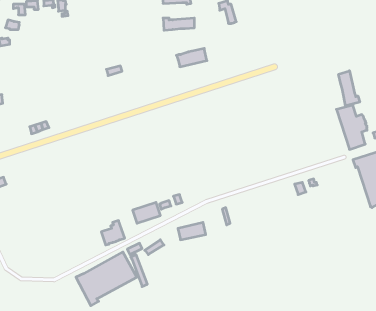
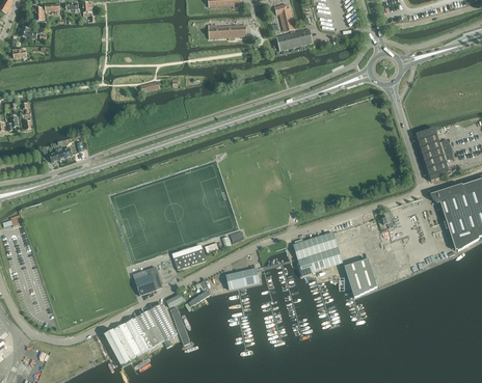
building: [176,48,207,67] -> [275,28,312,50]
building: [339,71,360,106] -> none
building: none -> [292,231,342,274]
building: none -> [344,258,376,297]

